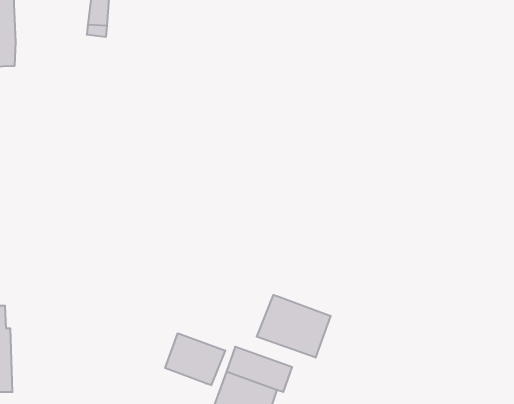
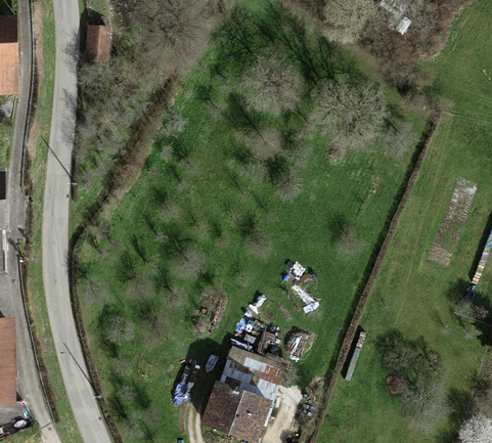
building: [257,295,331,358] -> none
building: [165,333,225,385] -> none

